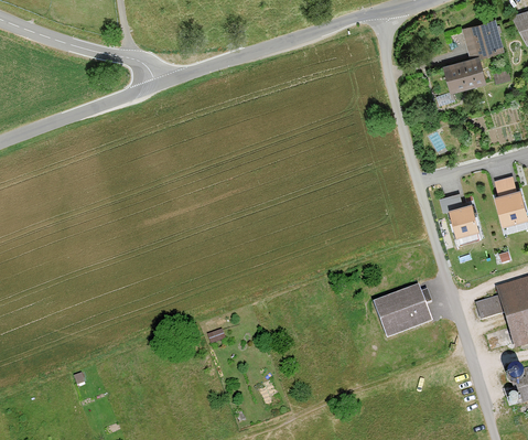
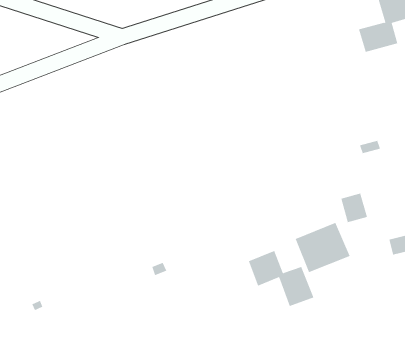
building: [451,204,482,238] -> [340,193,368,223]
building: none -> [248,250,314,307]

